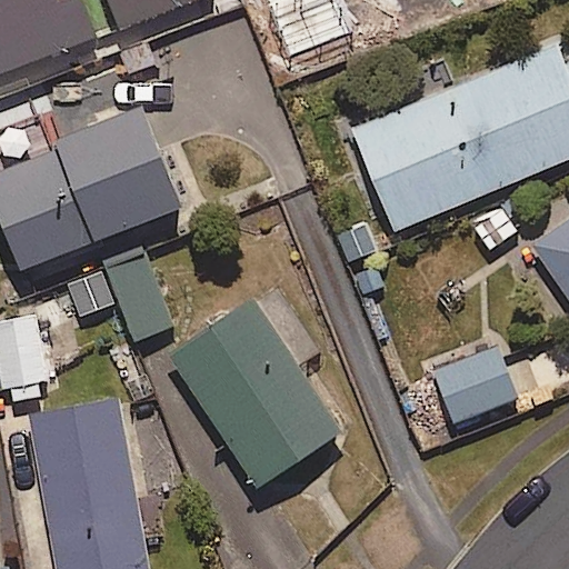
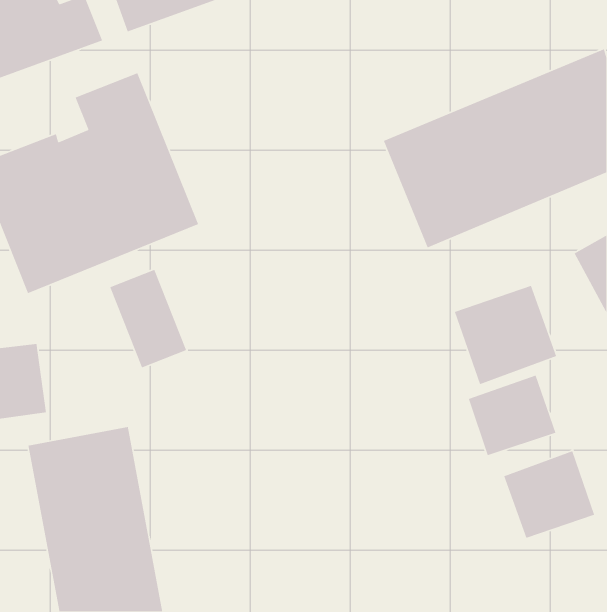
building: none -> [454,285,557,385]
building: [168,301,341,489] -> none
building: none -> [503,450,595,539]

